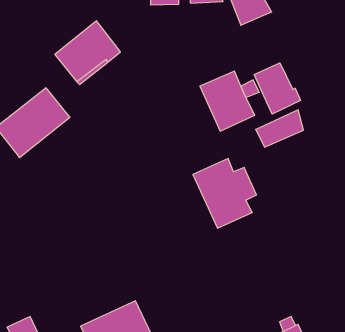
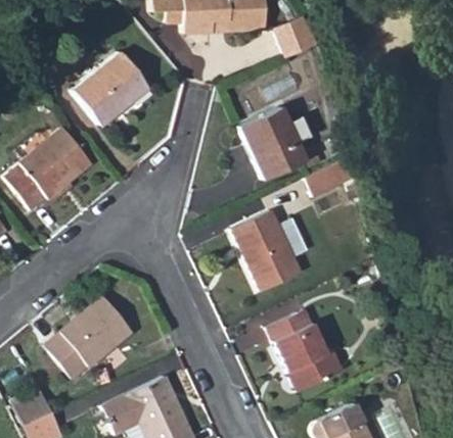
building: [254,63,300,114] -> none
building: none -> [45,297,132,379]
building: none -> [267,308,344,391]

